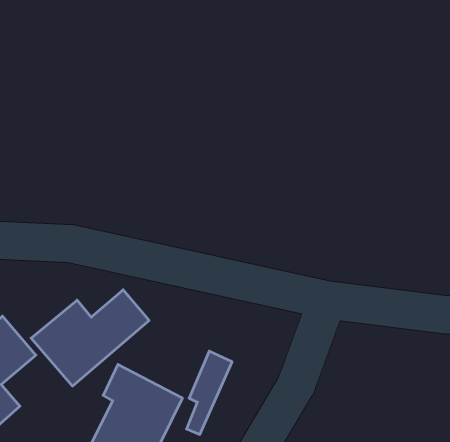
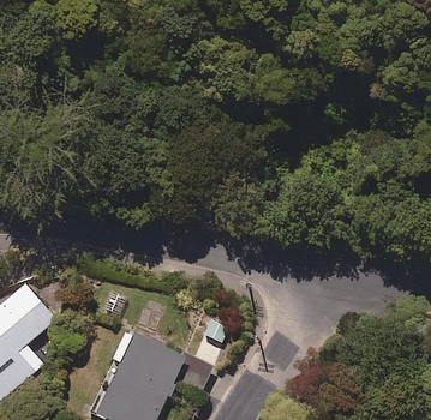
building: [31,290,149,386] -> none

